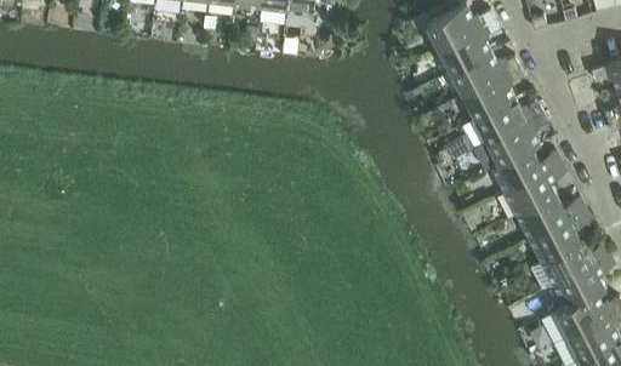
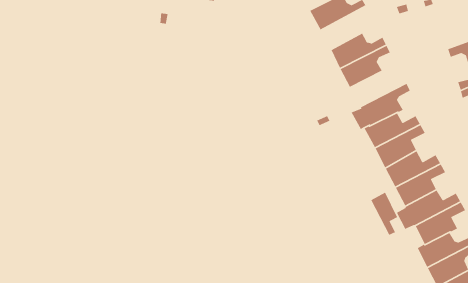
building: [438,17,498,70] -> none
building: [473,96,542,139] -> none
building: none -> [370,191,398,236]

